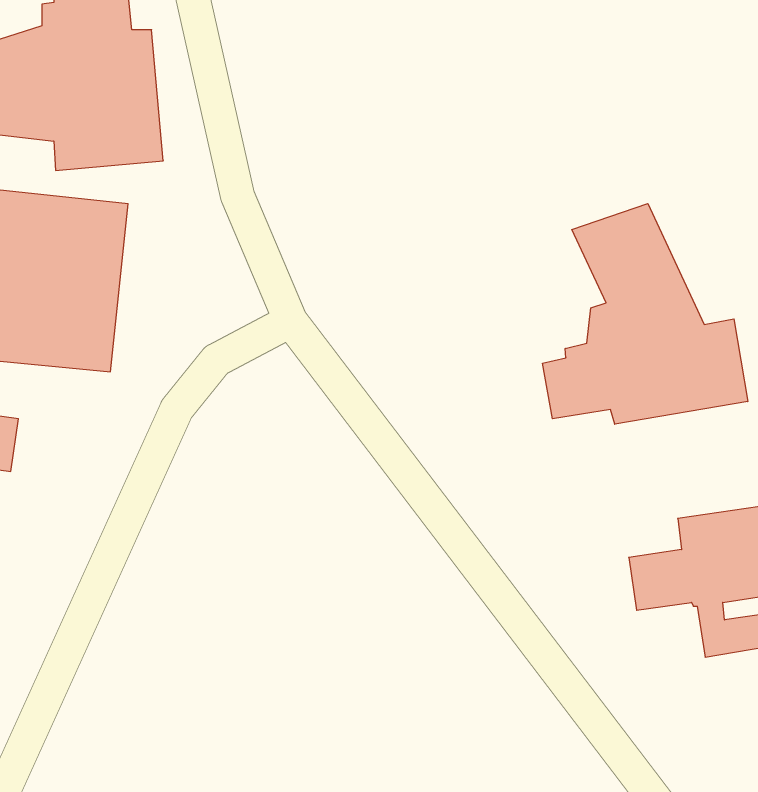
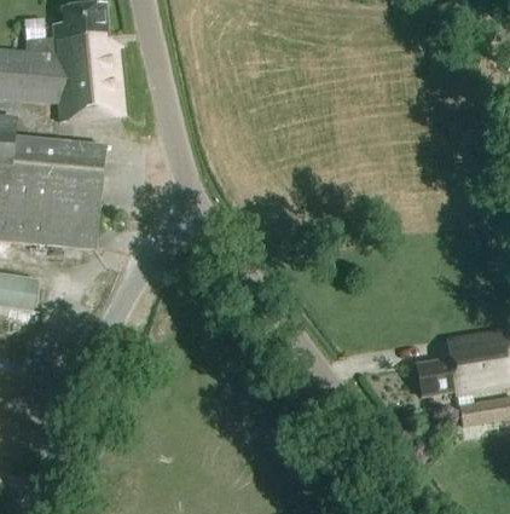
building: [543,204,748,424] -> none

